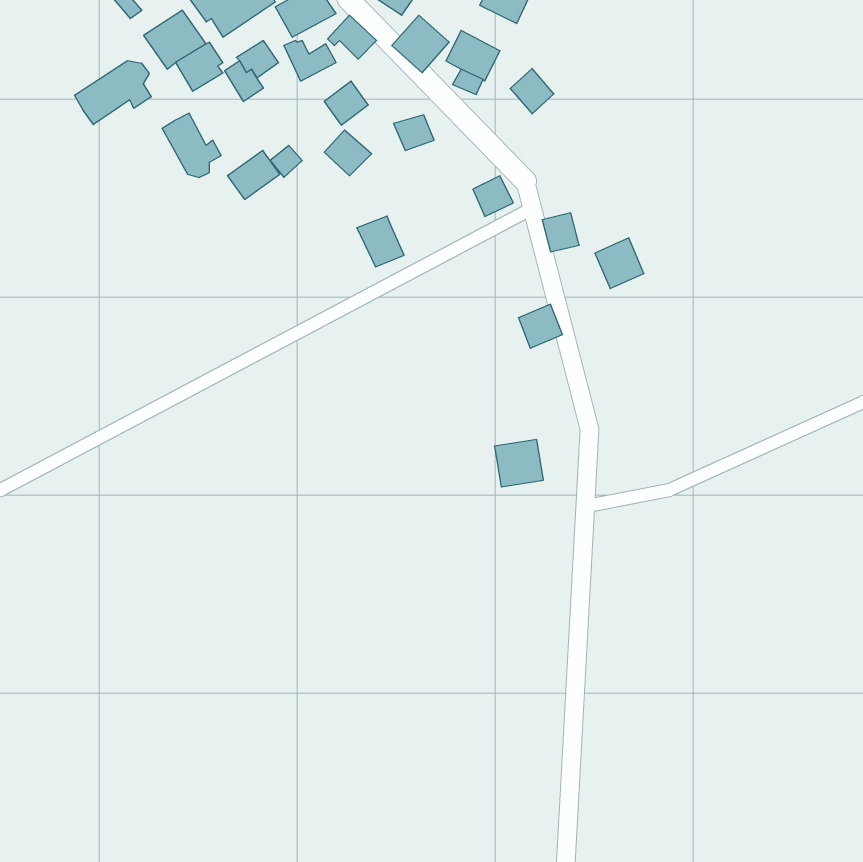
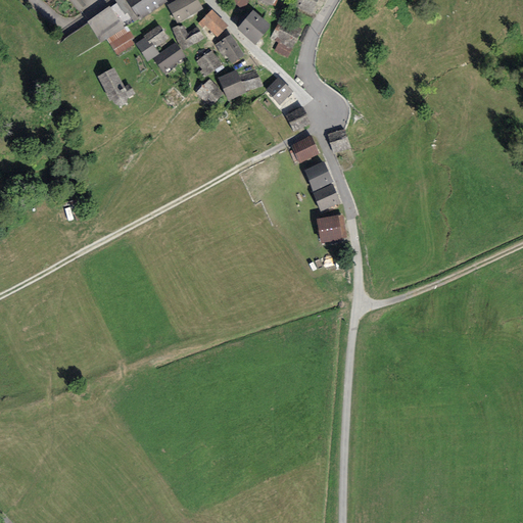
building: none -> [215,34,244,62]
building: [75,61,151,125] -> none
building: [510,68,554,114] -> [266,77,292,104]
building: [227,150,280,199] -> [153,42,185,72]
building: [357,216,404,267] -> [218,69,246,100]
building: none -> [291,135,319,162]
building: [595,238,644,289] -> [303,160,333,191]
building: [494,440,543,487] -> [317,213,346,242]

